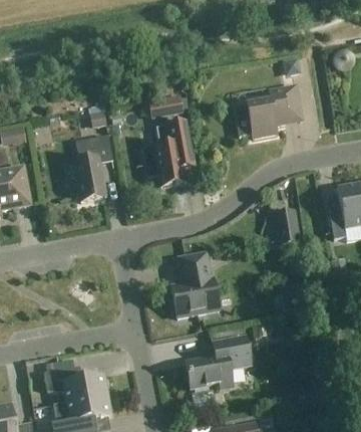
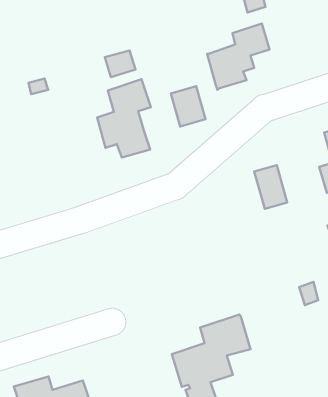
building: none -> [171,86,206,126]
building: [74,135,113,201] -> none
building: [168,250,220,317] -> none

